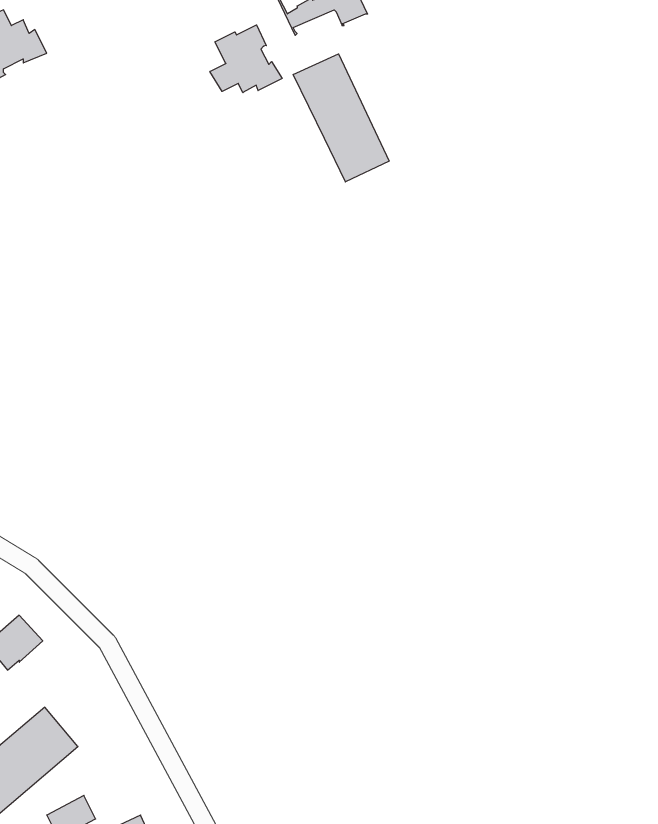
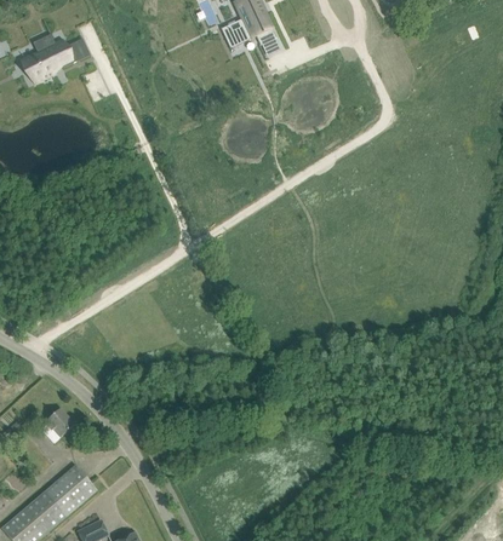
building: [210,25,282,93] -> none
building: [293,54,389,182] -> none

